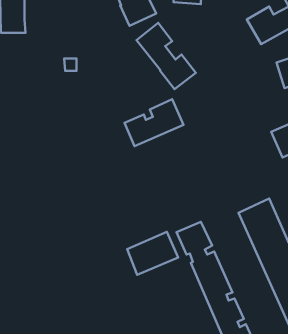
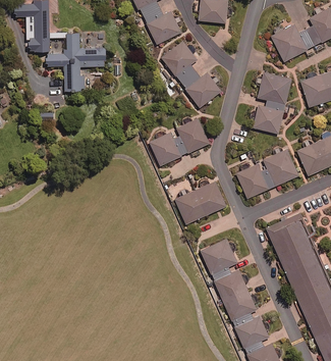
building: none -> [47,32,105,91]
building: none -> [253,71,291,134]
building: none -> [236,149,298,198]
building: [127,232,178,275] -> [175,181,226,223]

